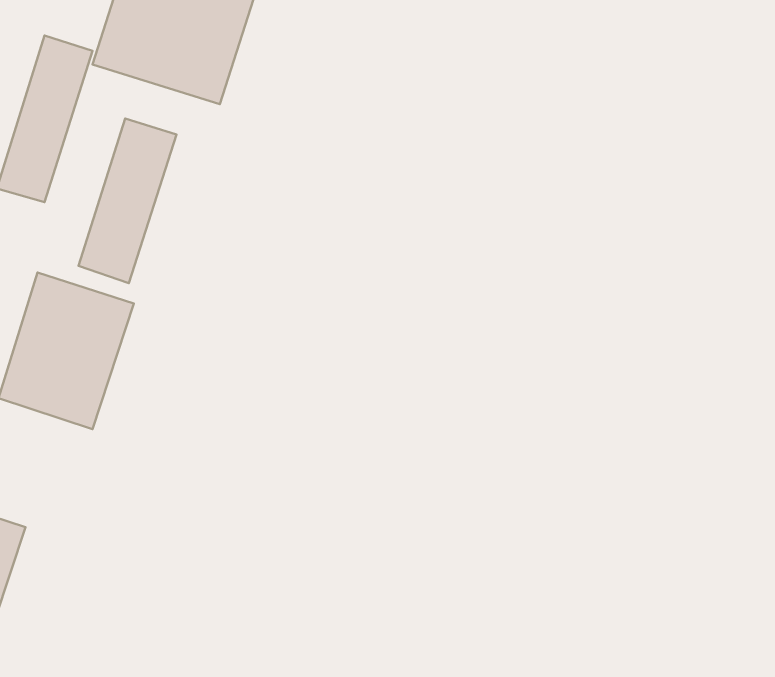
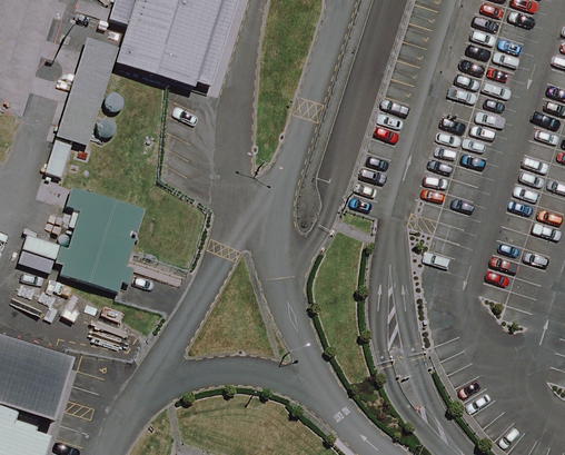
building: [78,118,177,283] -> none

